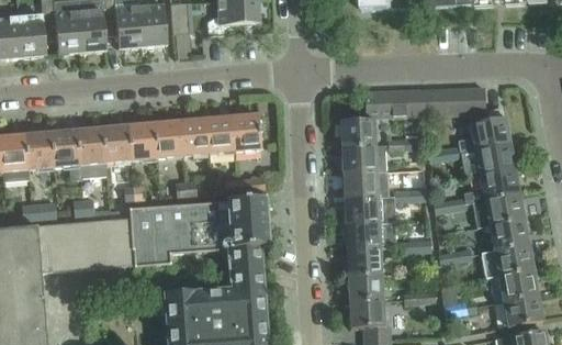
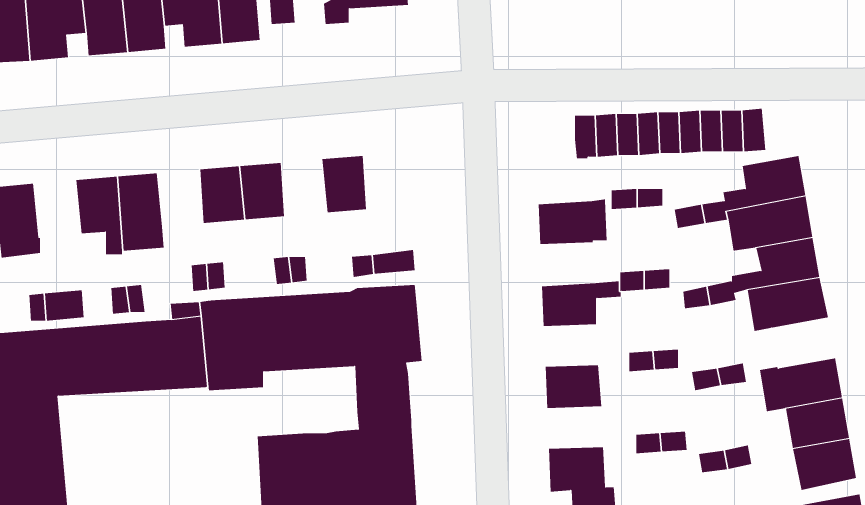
building: [232,114,262,151] -> none
building: [180,119,209,155] -> none
building: [340,119,375,147] -> none
building: [102,125,131,162] -> none
building: [24,132,54,168] -> none
building: [342,171,378,199] -> none
building: [488,219,529,251] -> none
building: [345,222,396,249] -> none
building: [347,275,383,301] -> none

